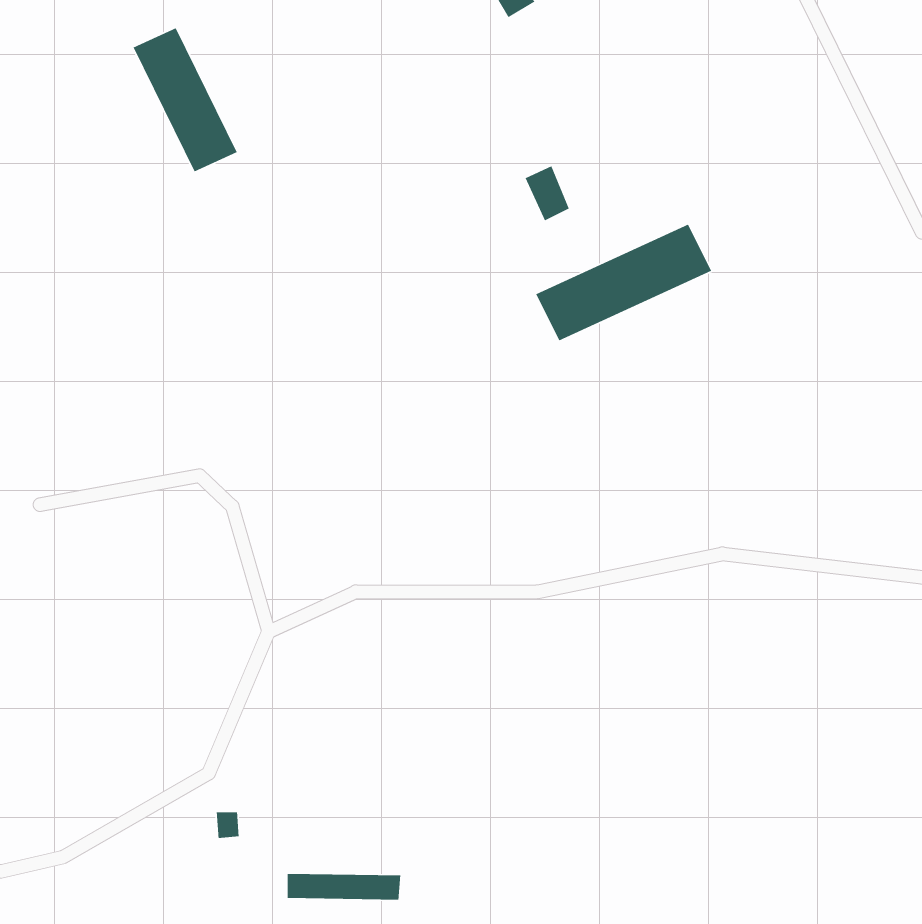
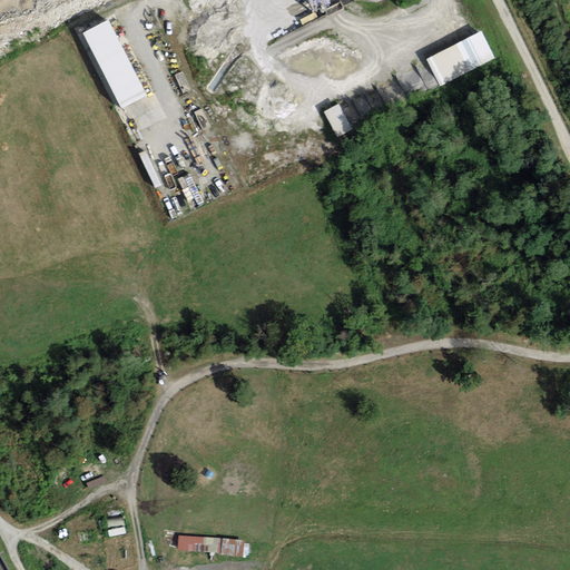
building: none -> [425,35,493,86]
building: [535,223,712,341] -> none

